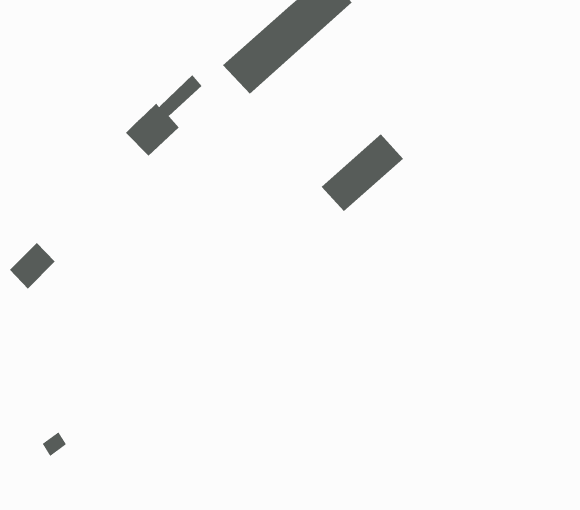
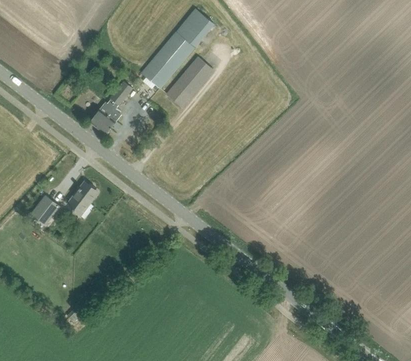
building: [321,134,404,212] -> [166,57,213,107]
building: none -> [67,182,97,215]

